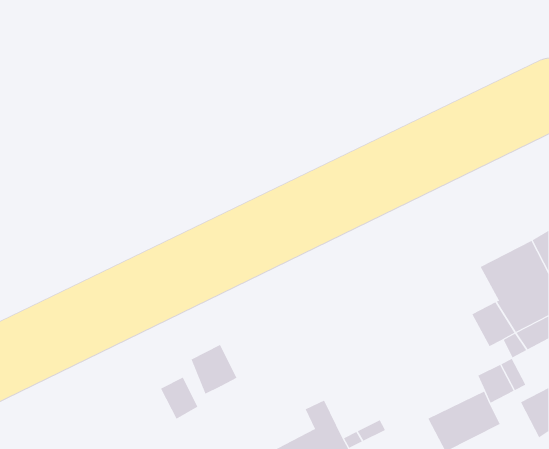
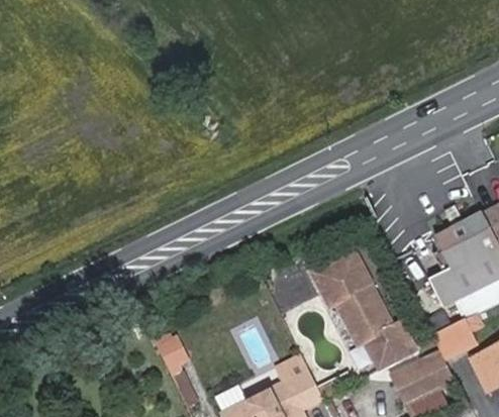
building: none -> [312,248,413,368]
building: [191,344,237,394] -> none

